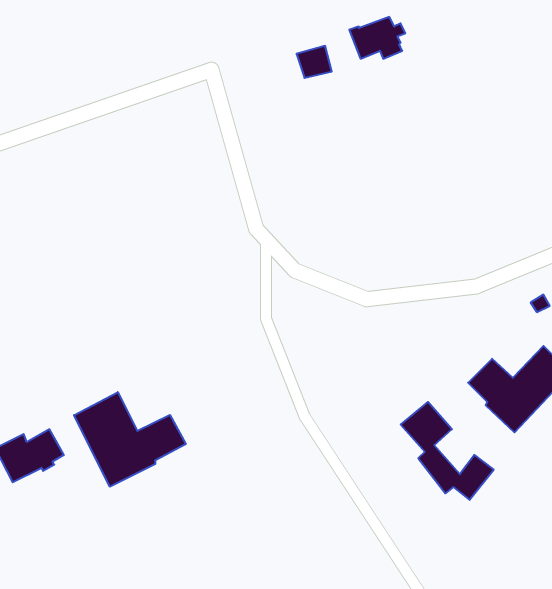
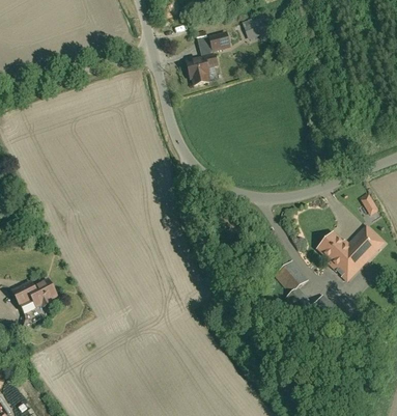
building: none -> [187,56,216,84]
building: [74,392,186,487] -> none

